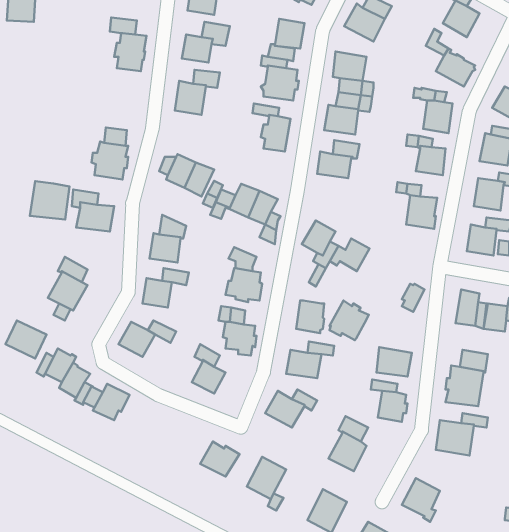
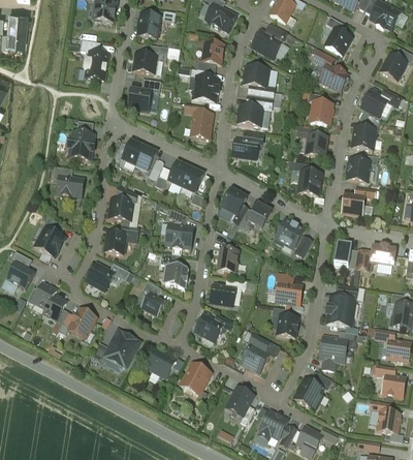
building: [30,181,69,220] -> none
building: [329,301,369,340] -> [275,219,304,248]
building: none -> [103,331,139,368]

